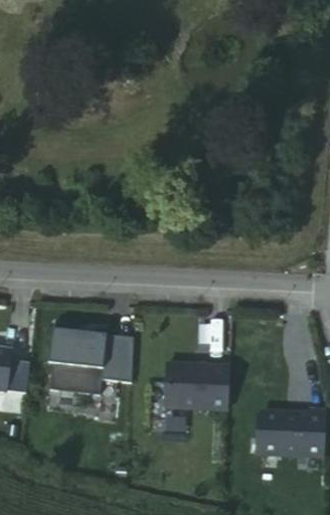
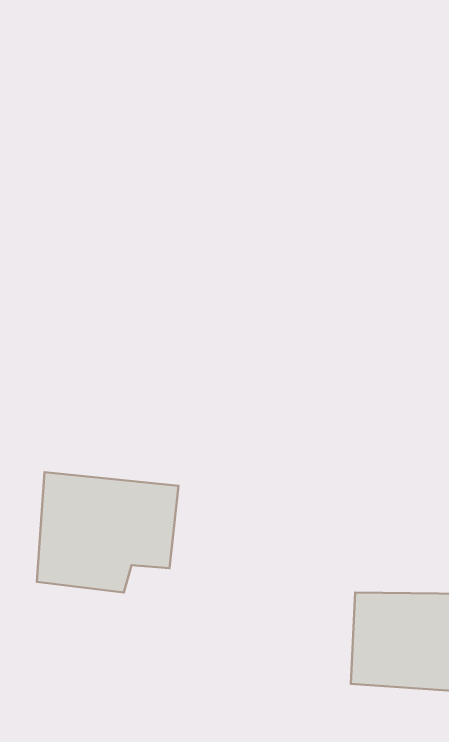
building: [164,358,234,414] -> none

